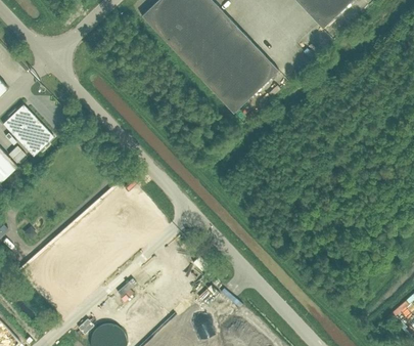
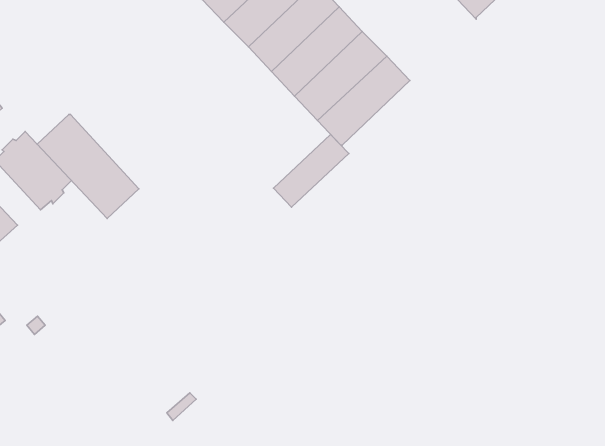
building: none -> [37,115,139,218]
building: none -> [273,135,349,207]

